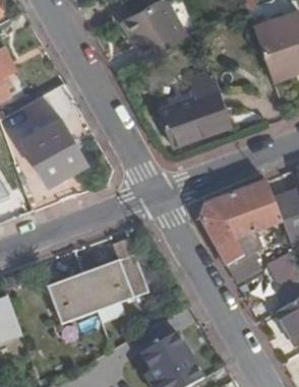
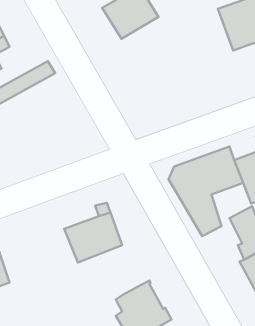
building: [161,76,232,143] -> none
building: [23,116,89,183] -> none
building: [48,273,97,324] -> none

